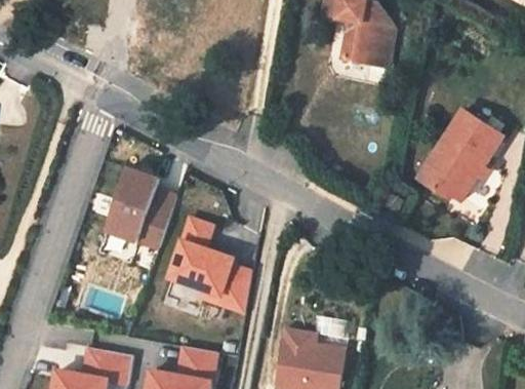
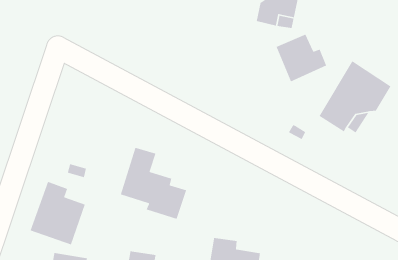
building: none -> [275,34,327,83]
building: [105,167,174,247] -> [29,181,86,246]

